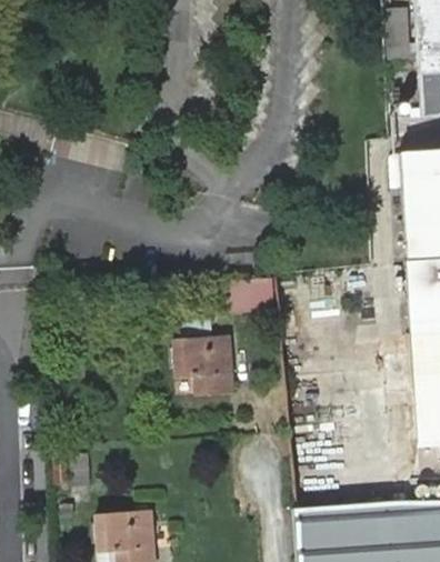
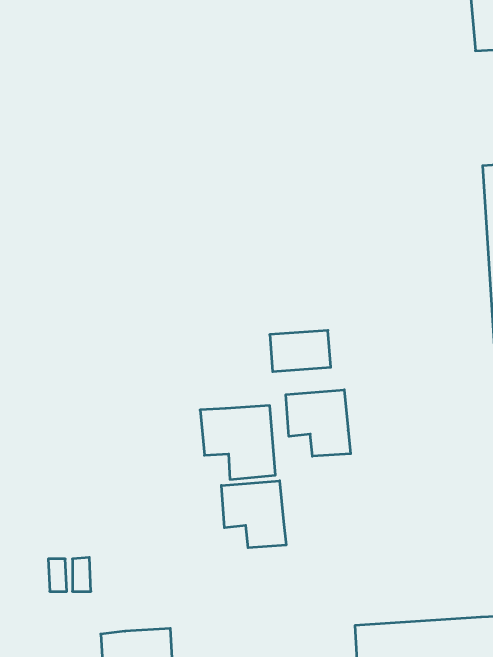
building: none -> [286,390,351,456]
building: none -> [221,481,286,548]

